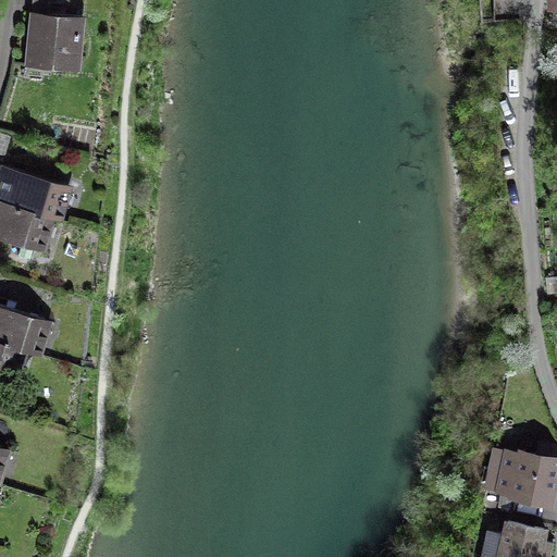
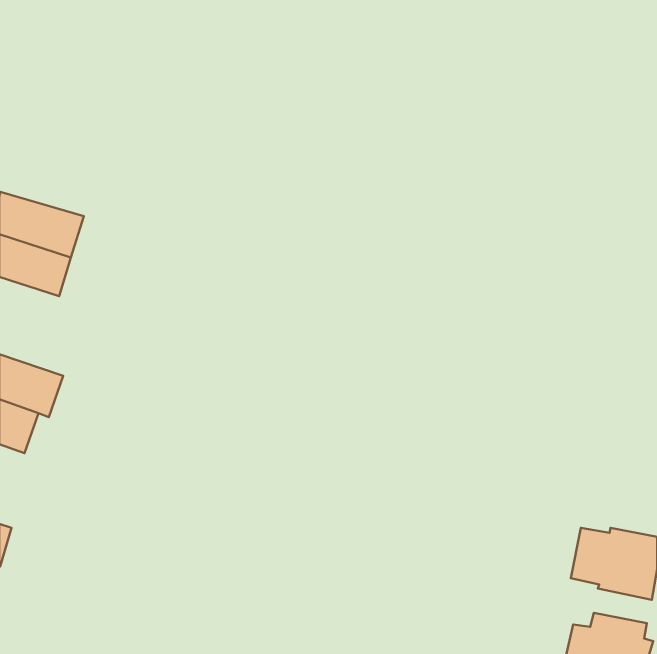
building: [23,14,84,73] -> none

